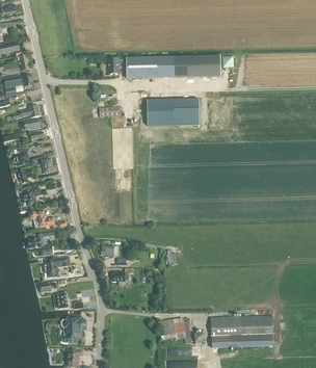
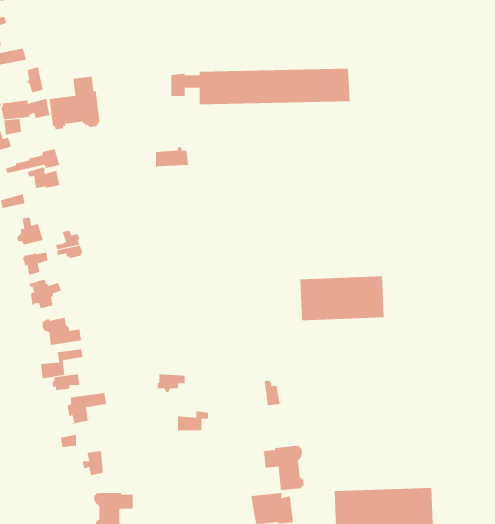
building: none -> [49,76,100,130]
building: [139,98,192,126] -> [300,276,385,321]
building: none -> [263,445,304,491]

